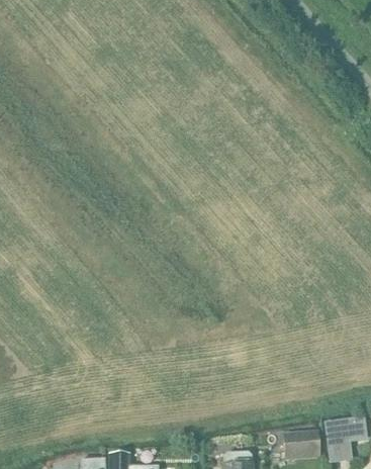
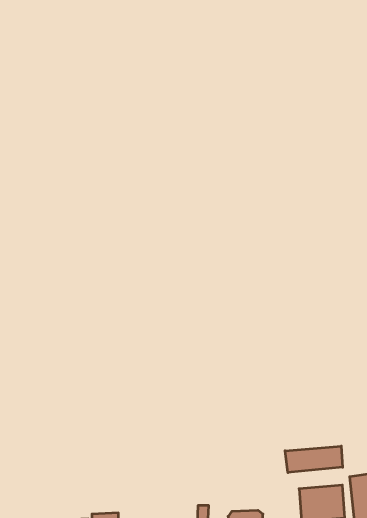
building: none -> [285,446,343,473]

